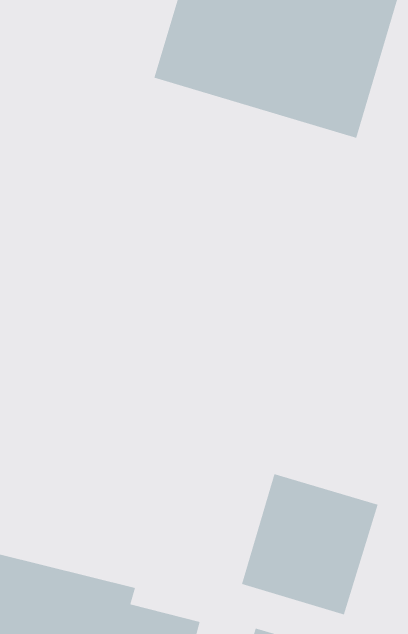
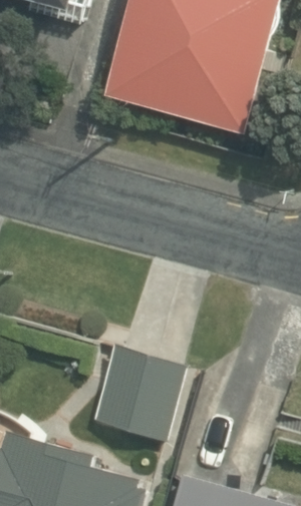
building: [241,473,379,615] -> [88,344,182,440]

